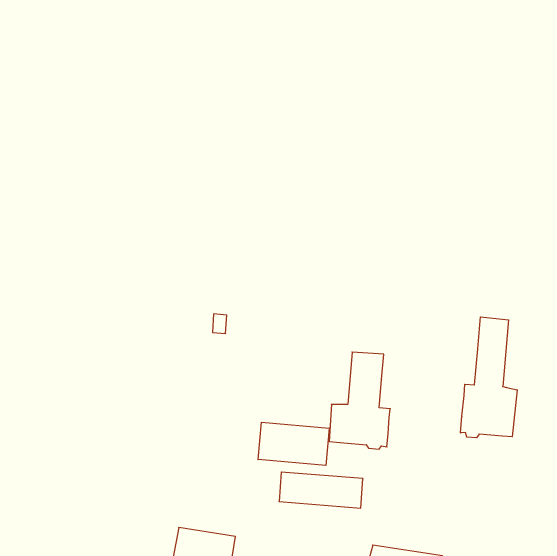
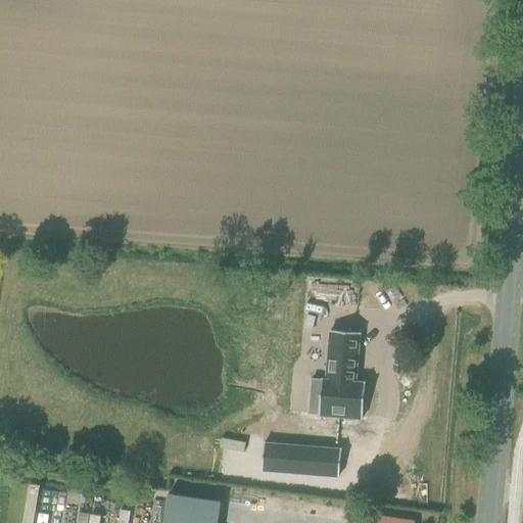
building: [461,317,517,438] -> none
building: [258,422,329,465] -> none

